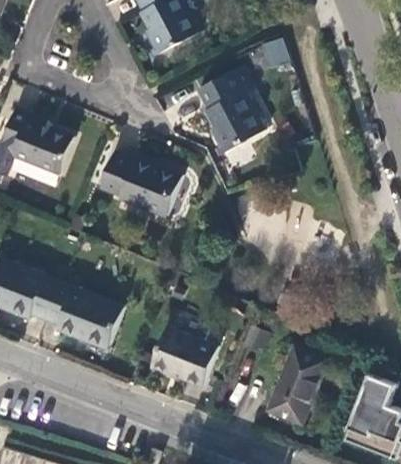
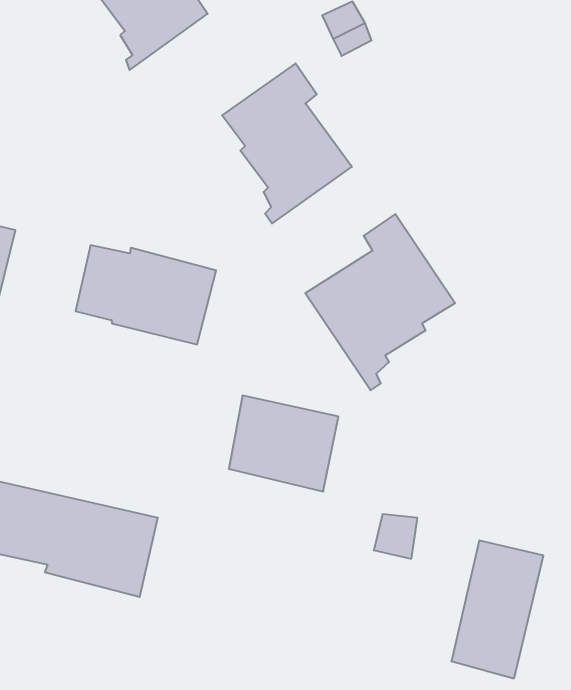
building: none -> [305,214,455,390]
building: [152,330,217,390] -> [229,396,338,492]

